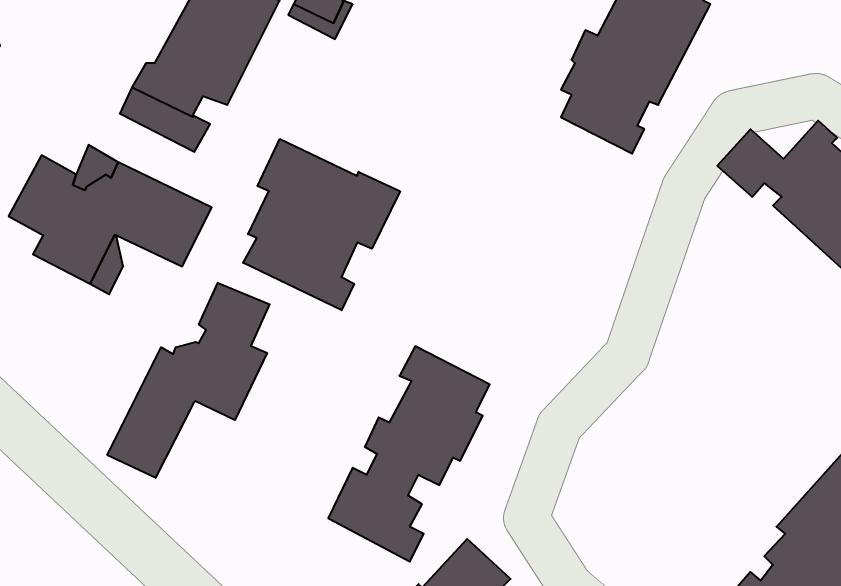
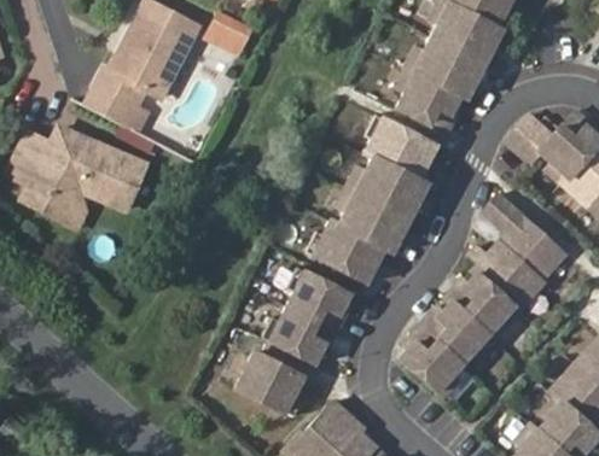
building: none -> [307,113,438,283]
building: [243,139,400,310] -> none
building: none -> [400,194,566,398]
building: [107,283,270,478] -> none

